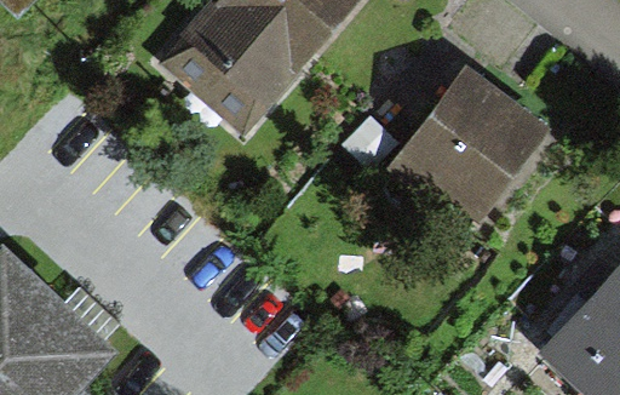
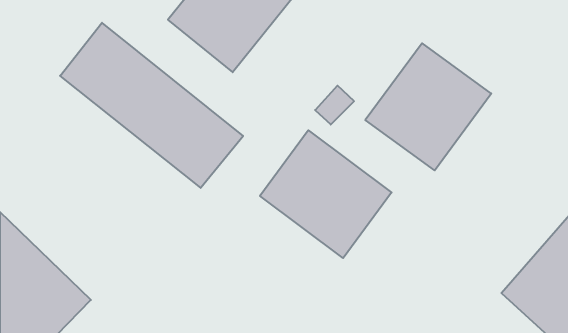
building: none -> [60,23,243,188]
building: none -> [260,130,392,258]

